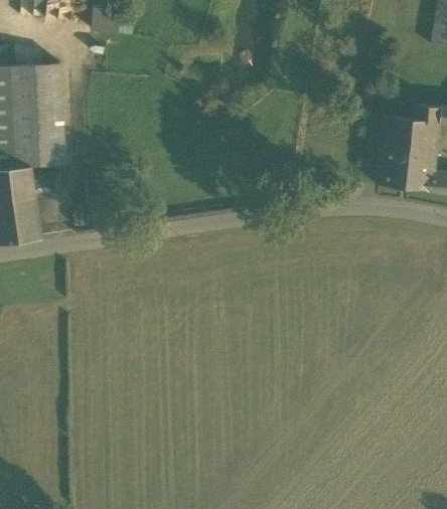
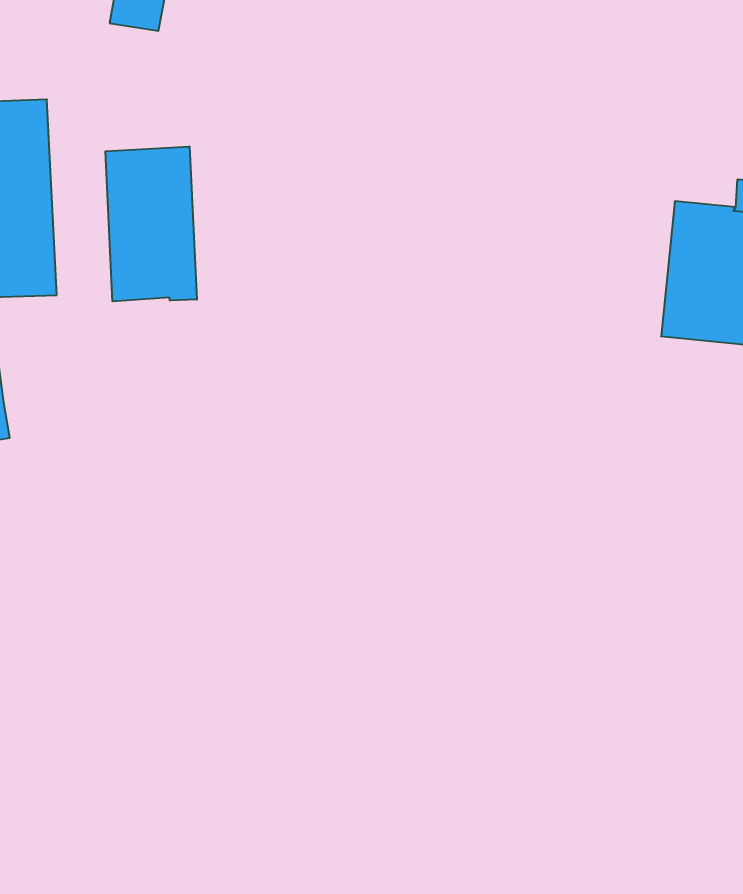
building: none -> [105,146,197,301]

